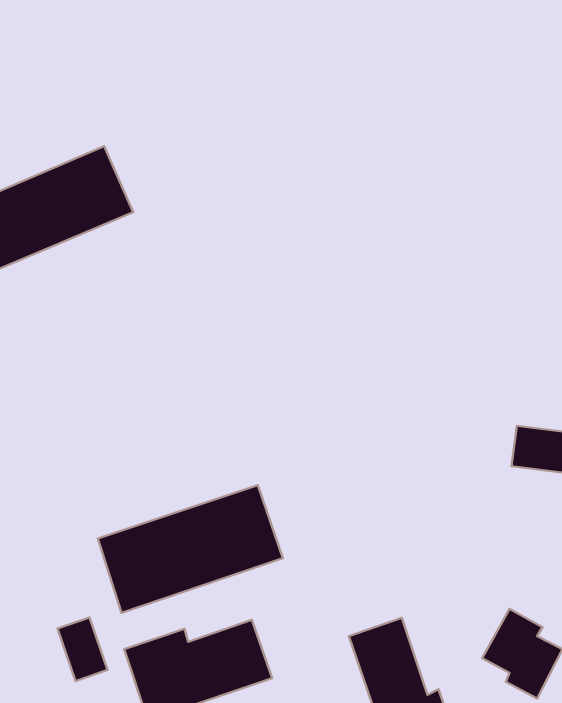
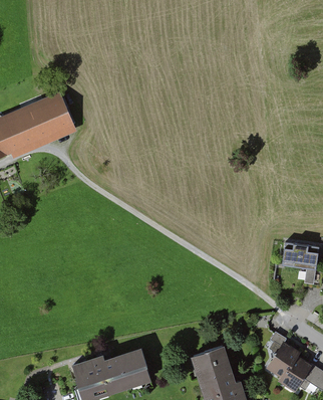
building: [98,485,283,613] -> none
building: [58,617,107,681] -> none

